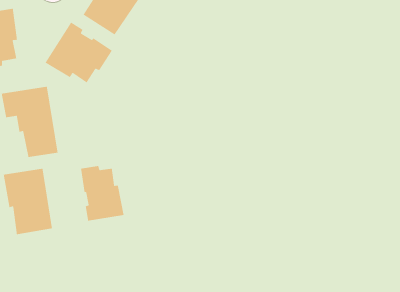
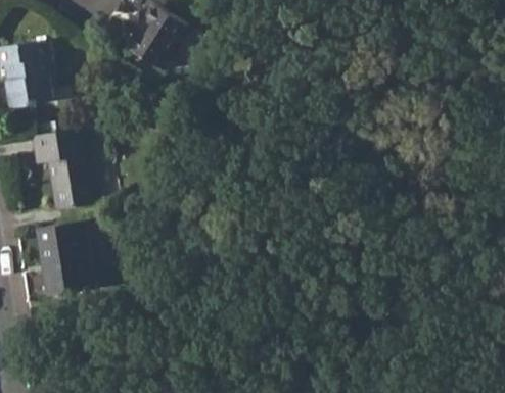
building: [45,21,113,83] -> none
building: [80,165,124,222] -> none

